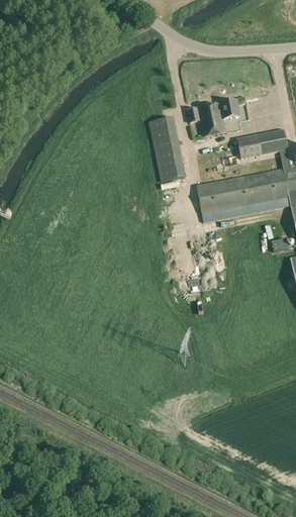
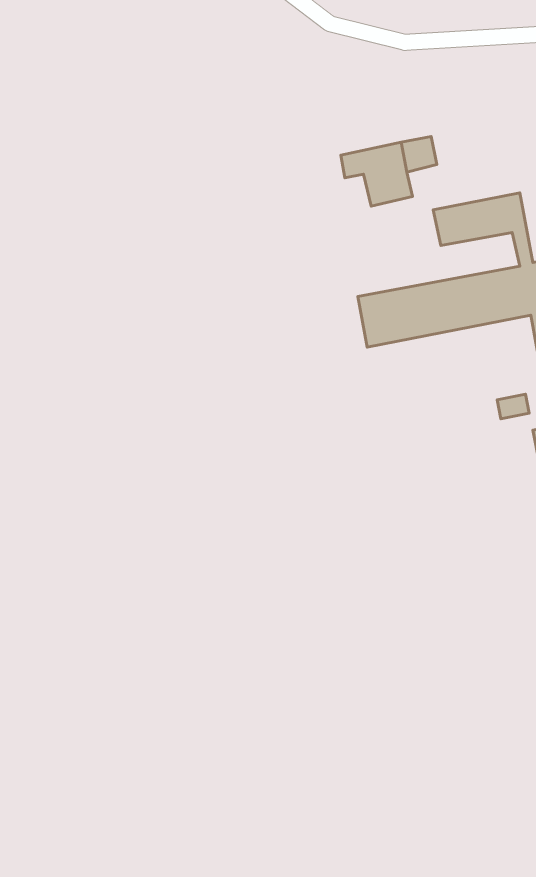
building: [150,119,186,184] -> none

